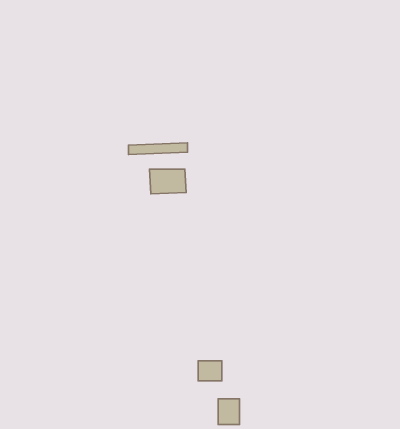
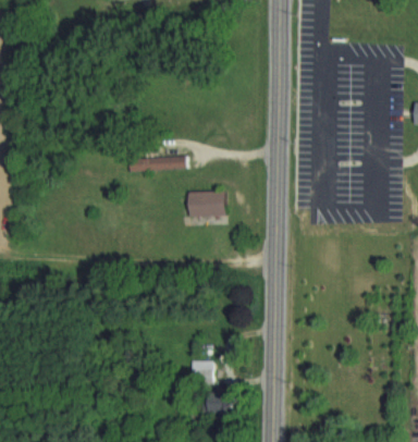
building: [150,169,186,194] -> [188,195,222,218]

